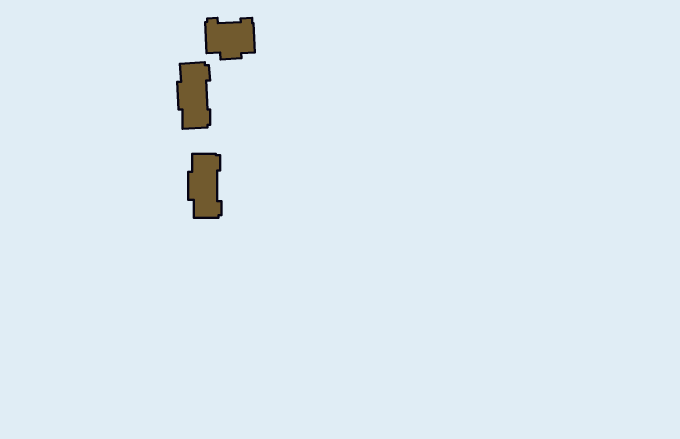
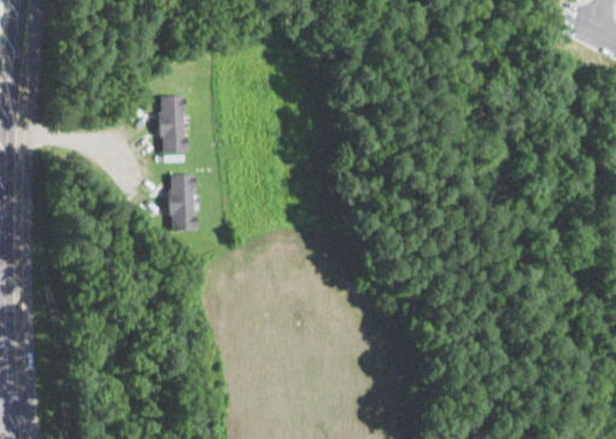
building: [205,18,255,59] -> none

